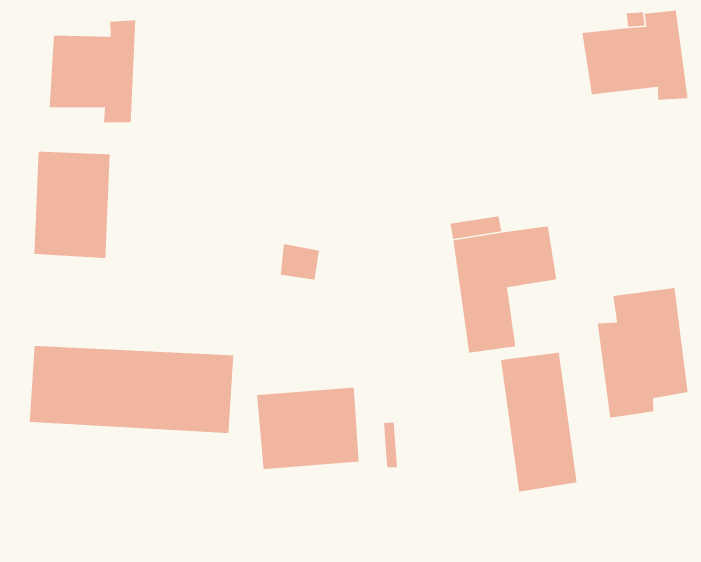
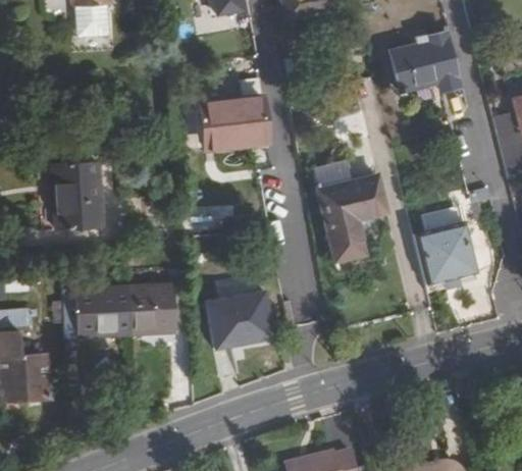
building: [49,19,136,123] -> none
building: none -> [202,96,269,148]
building: [500,352,577,492] -> none

